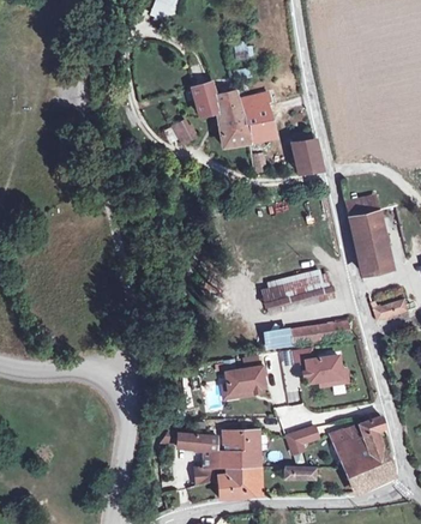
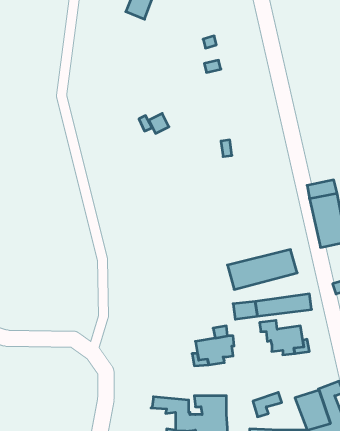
building: [192,82,273,144] -> none
building: [290,131,321,174] -> none

